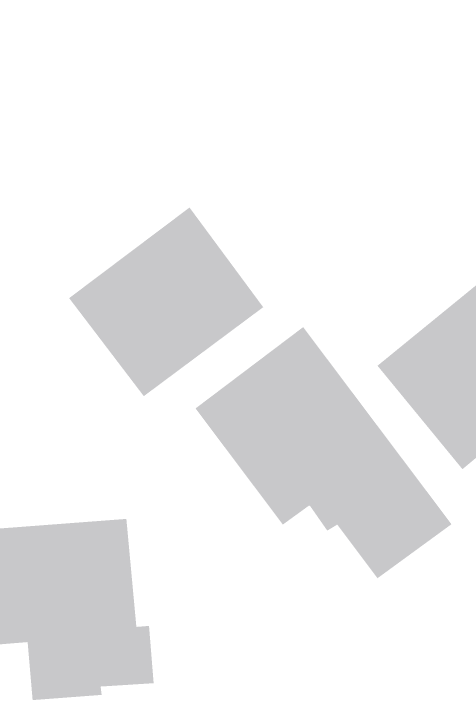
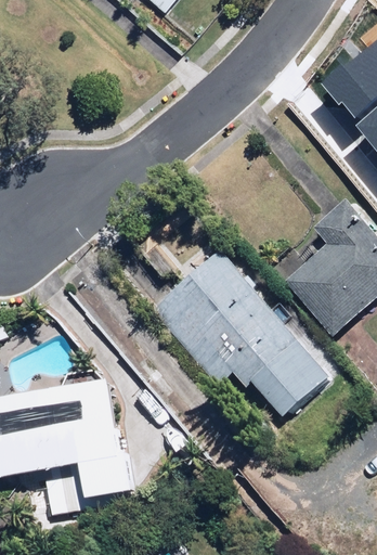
building: [68,207,264,397] -> none

